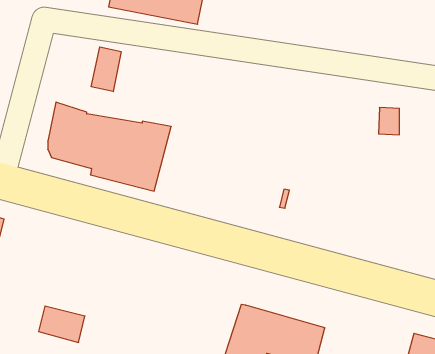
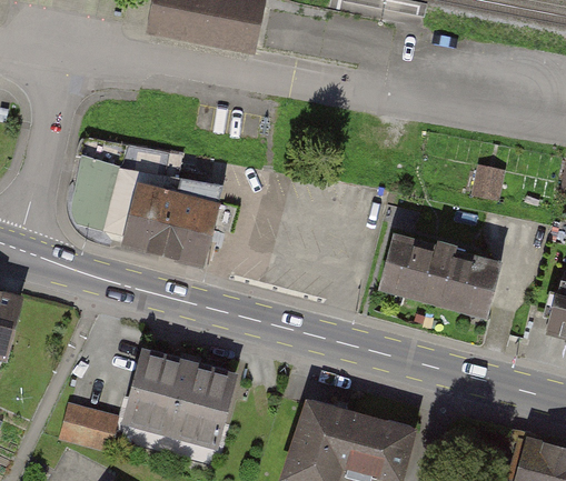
building: [91,47,121,92] -> none
building: none -> [381,239,498,313]
building: none -> [127,353,235,443]

